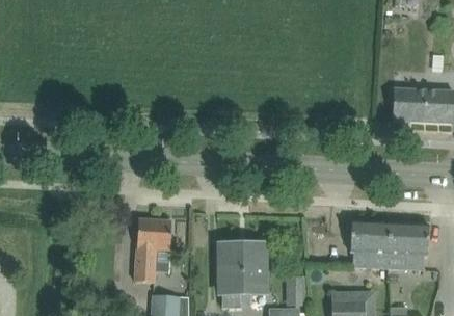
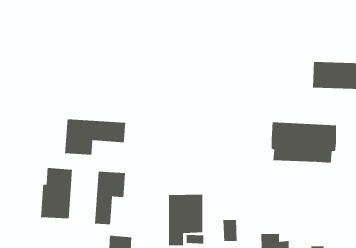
building: none -> [65,118,126,155]
building: none -> [40,167,73,219]
building: [350,220,428,269] -> [271,122,337,163]

